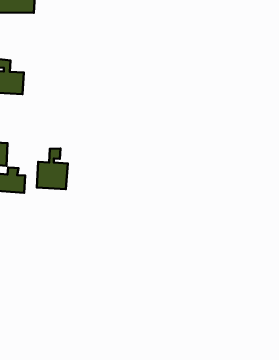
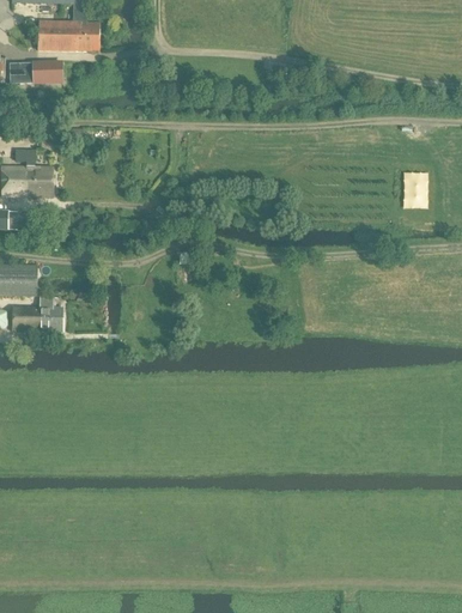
building: [37,148,68,189] -> none

